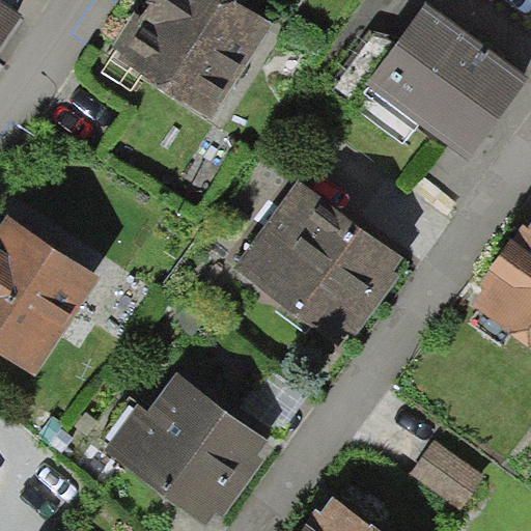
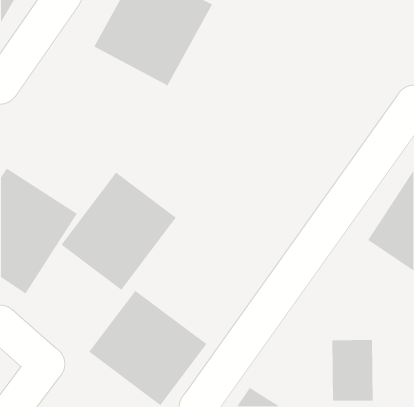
building: [360,9,514,159] -> none
building: [240,187,392,339] -> none
building: none -> [61,172,177,291]

